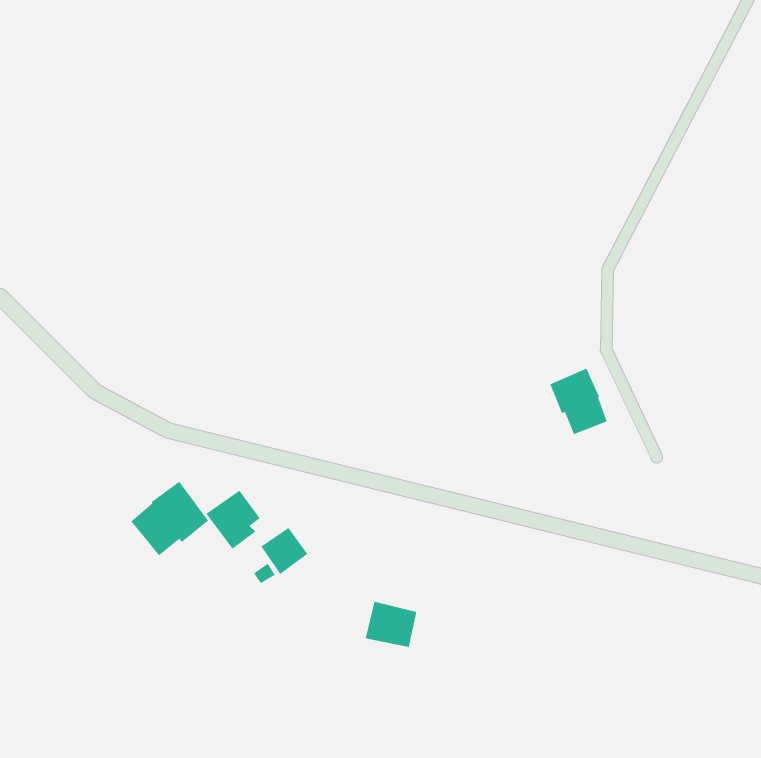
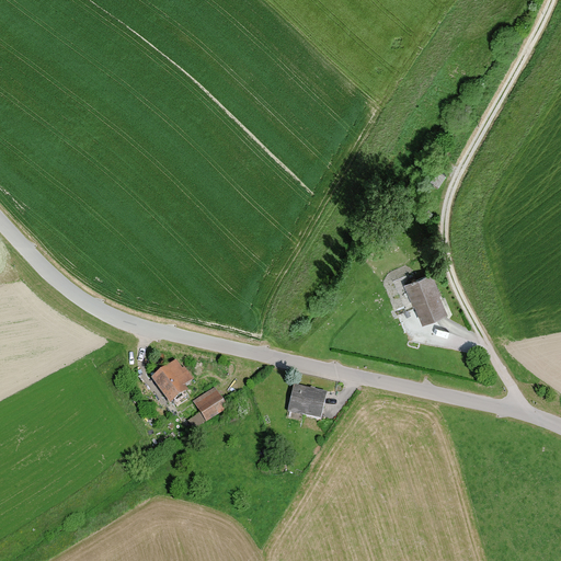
building: [131,481,209,556] -> none
building: [365,601,417,647] -> [287,385,325,419]

